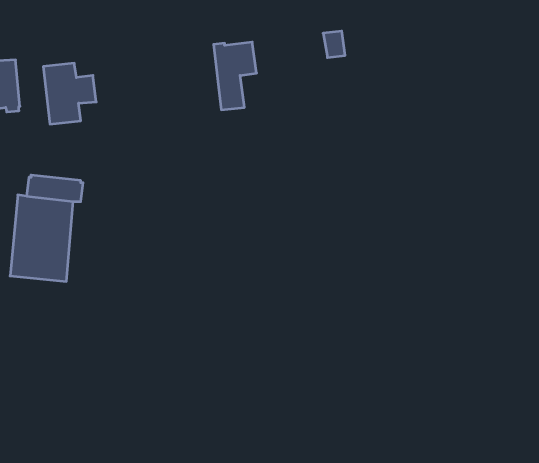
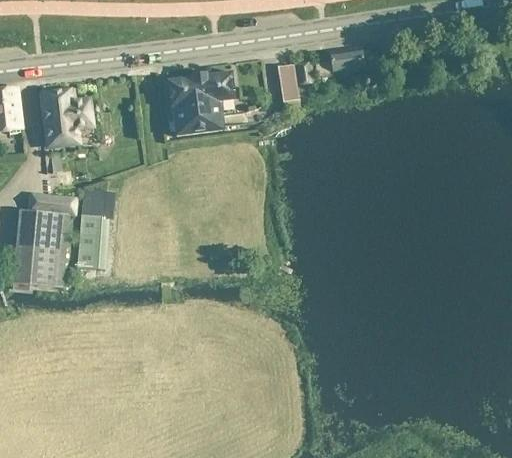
building: none -> [315,48,364,78]
building: none -> [277,64,299,101]
building: none -> [167,73,203,136]
building: none -> [75,189,116,270]

